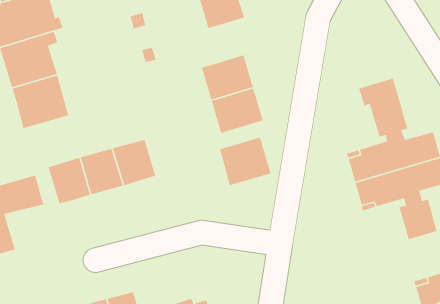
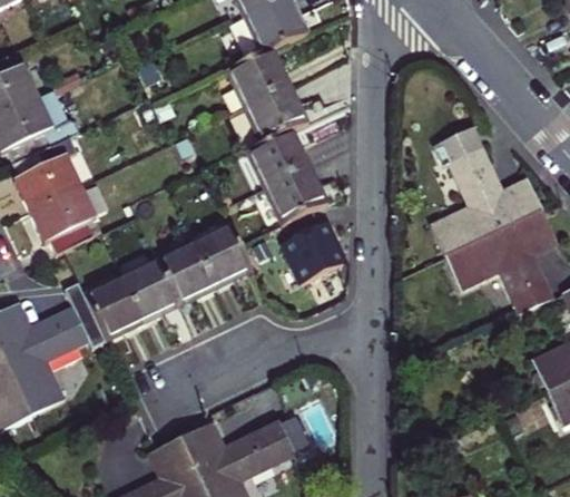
building: none -> [247,84,305,140]
building: none -> [195,224,253,284]

